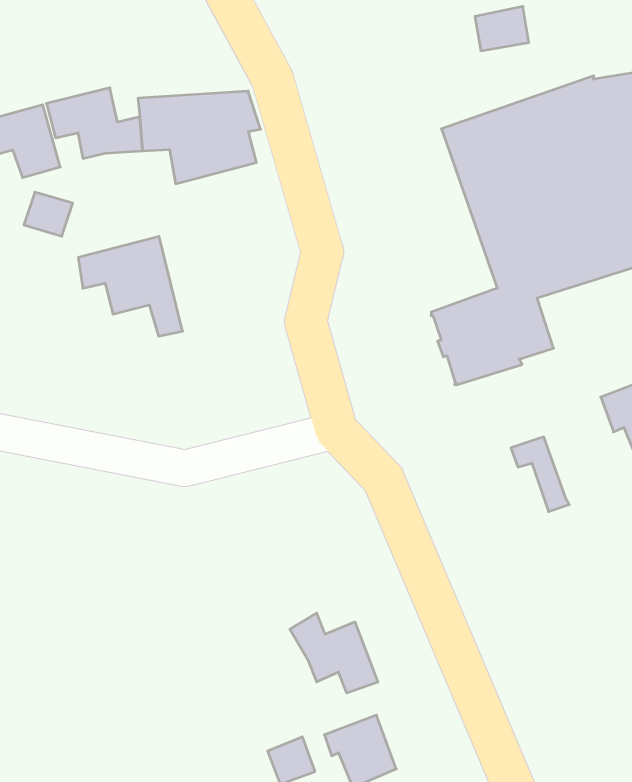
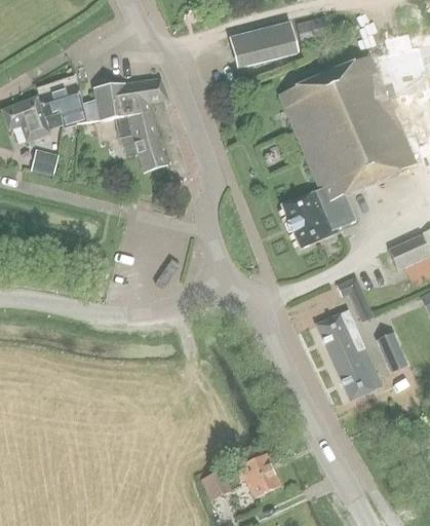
building: none -> [230,22,298,67]
building: [78,236,183,336] -> [120,121,187,182]
building: none -> [316,308,382,400]
building: none -> [375,332,406,372]
building: [290,613,378,693] -> none

